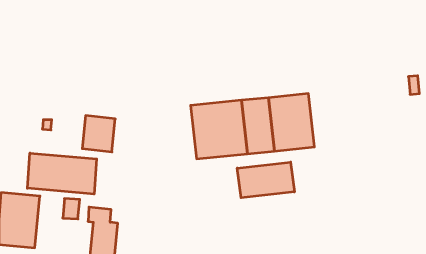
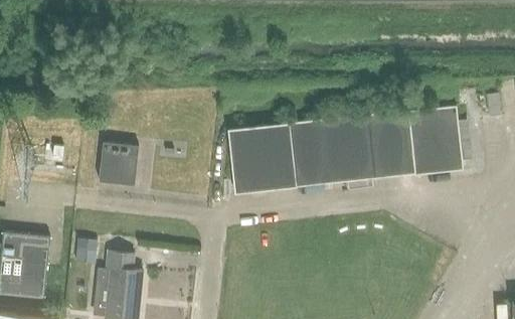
building: none -> [367,105,463,178]
building: [27,153,97,194] -> none
building: [237,162,294,198] -> none

